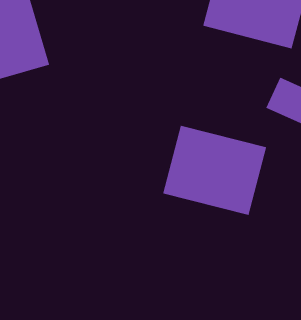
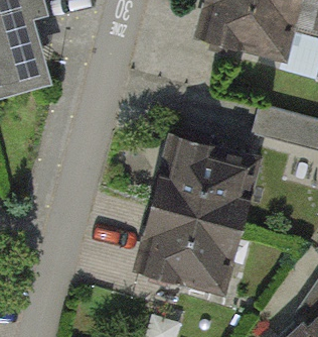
building: none -> [142,207,243,295]

